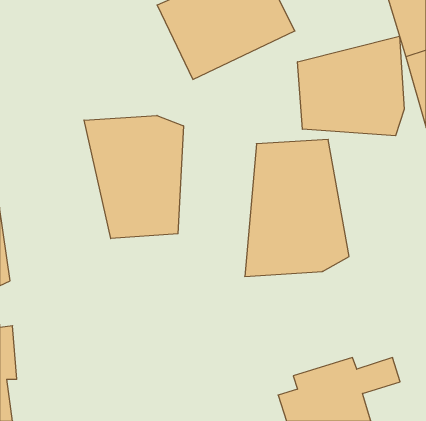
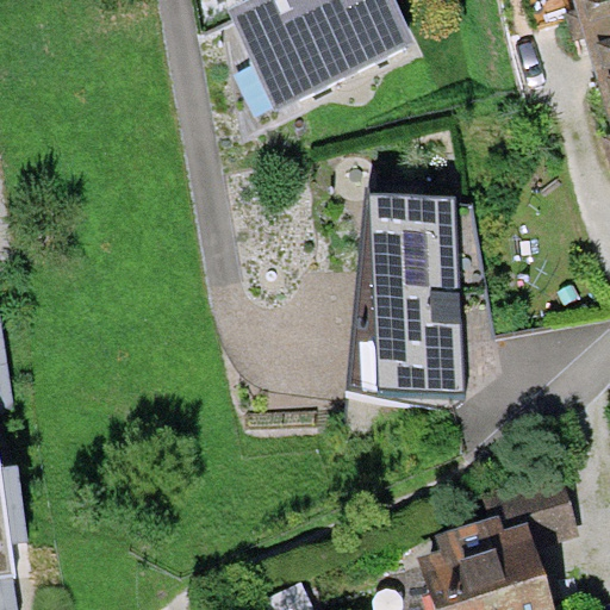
building: [298,36,404,136] -> none
building: [84,115,183,239] -> none

